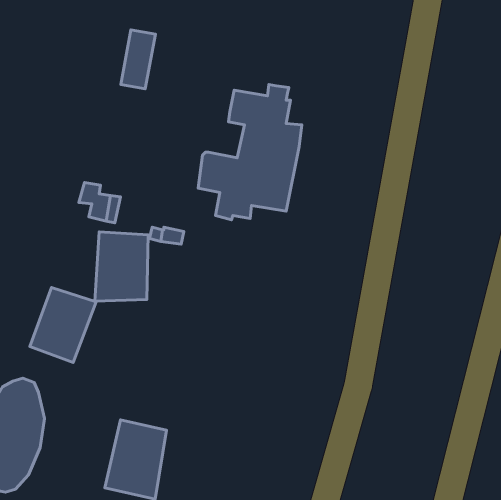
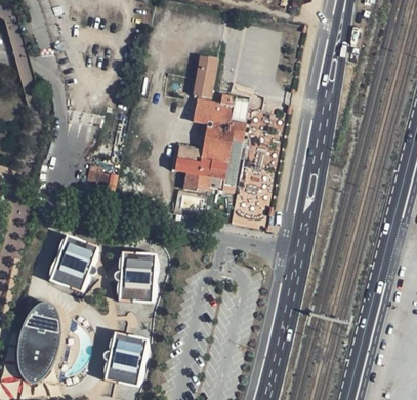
building: [121,30,155,89] -> [192,54,216,96]
building: [95,232,148,301] -> [119,253,157,303]

